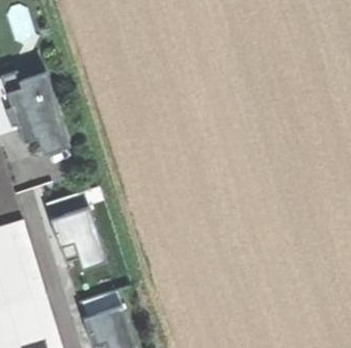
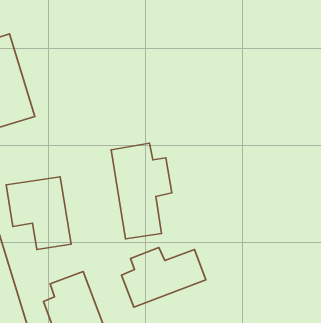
building: none -> [111,143,172,239]
building: none -> [121,247,206,307]

